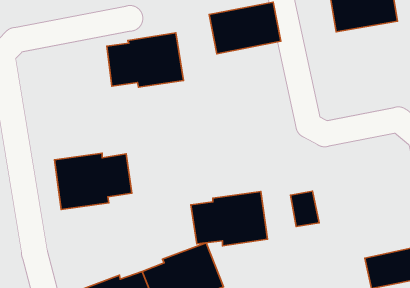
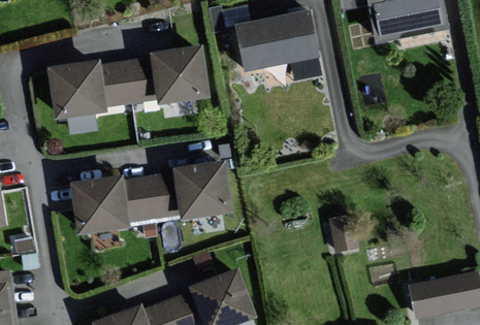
building: none -> [50,57,133,118]
building: [191,191,267,246] -> [149,160,231,219]

